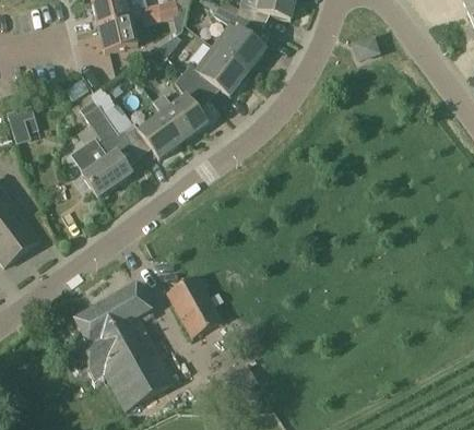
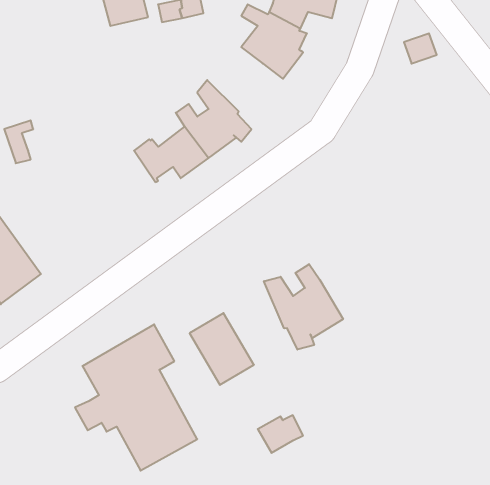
building: [98,16,137,50] -> none
building: [182,43,248,98] -> none
building: [70,105,138,195] -> none
building: none -> [264,264,343,350]

